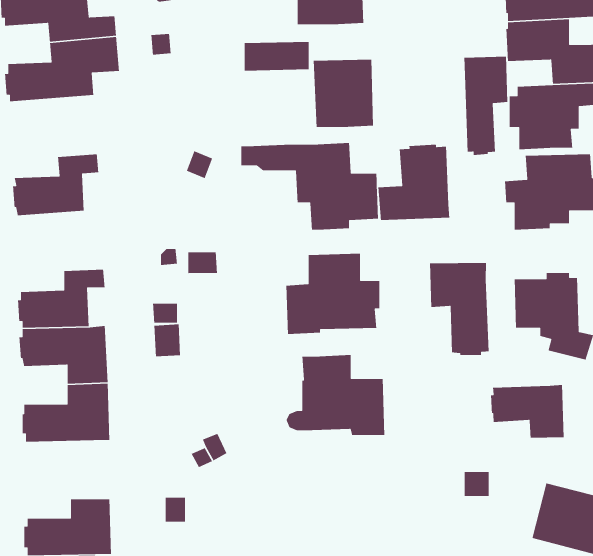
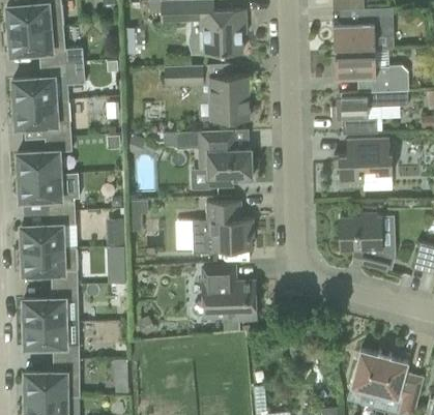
building: [463,56,508,156] -> none
building: none -> [12,99,70,139]
building: [378,144,450,221] -> none
building: none -> [17,174,79,212]
building: [429,262,490,356] -> none
building: [490,384,564,438] -> none
building: none -> [22,322,79,359]

